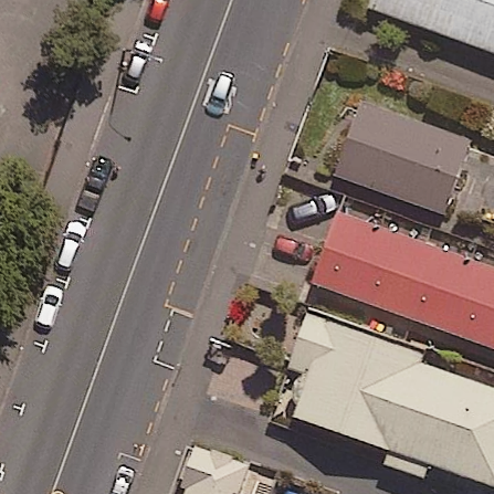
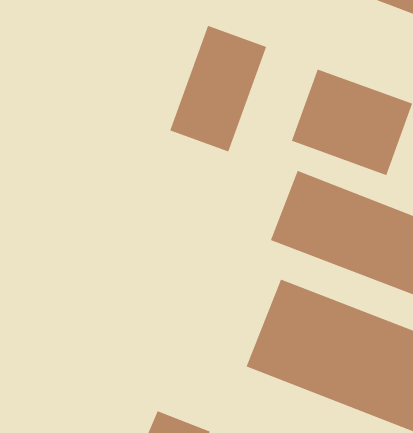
building: none -> [169,25,267,152]

